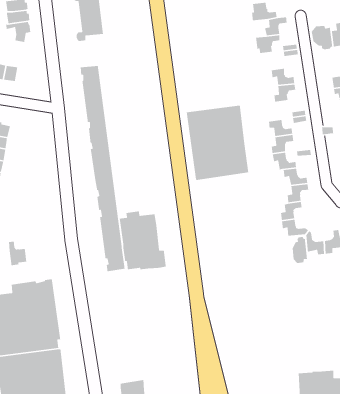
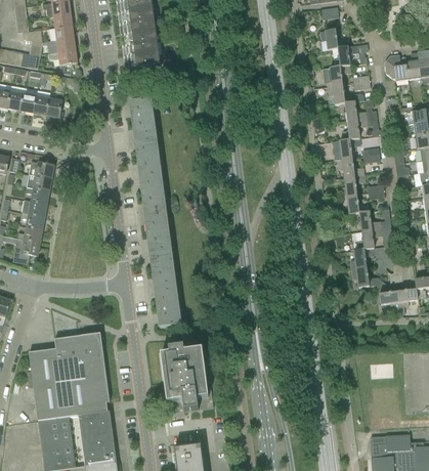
building: none -> [328,84,364,103]
building: none -> [332,137,360,160]
building: [186,105,249,181] -> none
building: [119,211,166,270] -> [161,345,213,411]
building: [292,236,308,264] -> none
building: [8,241,27,266] -> none

